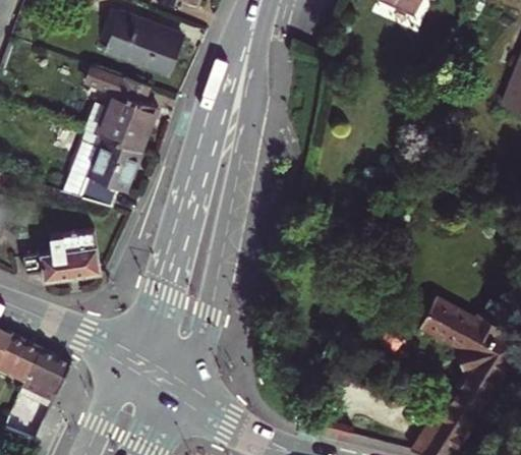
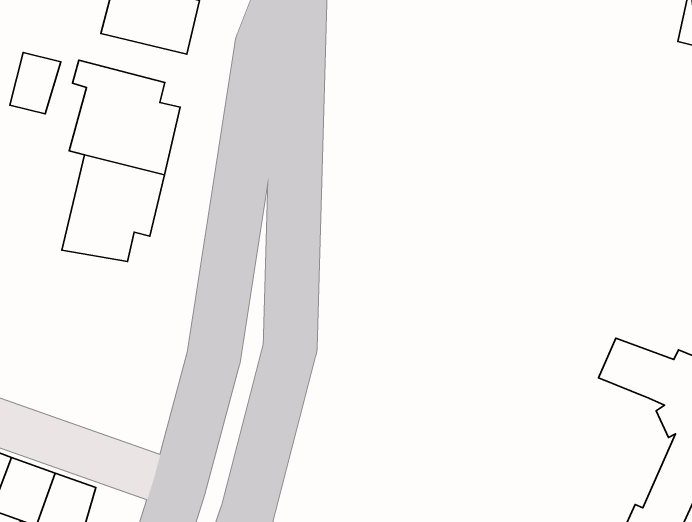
building: none -> [10,52,61,114]
building: [20,229,99,279] -> none

